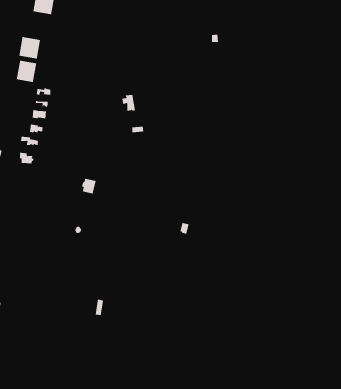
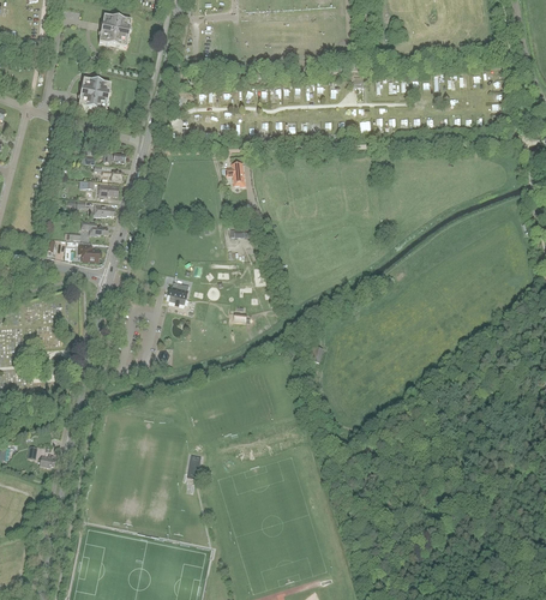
building: [16,60,37,83] -> none

